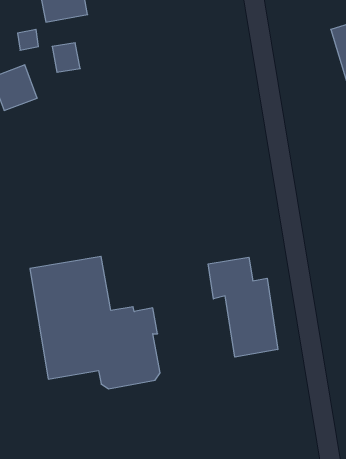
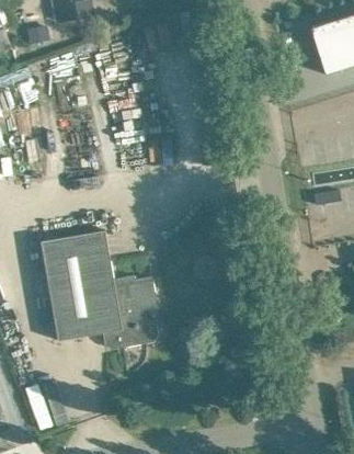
building: [208,257,278,357] -> none

